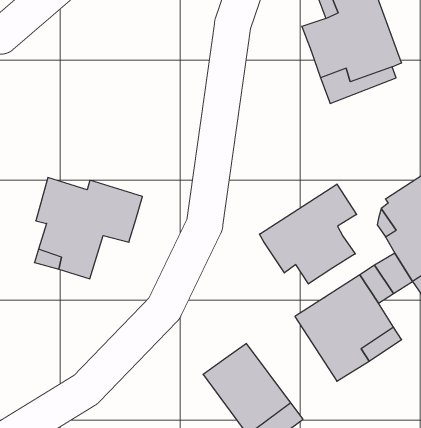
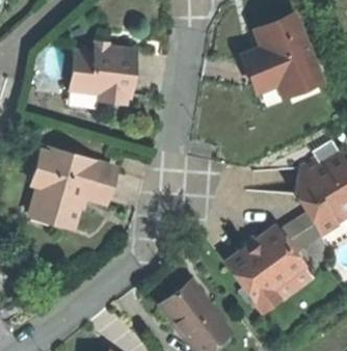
building: none -> [69,42,135,105]
building: [259,184,357,284] -> none

